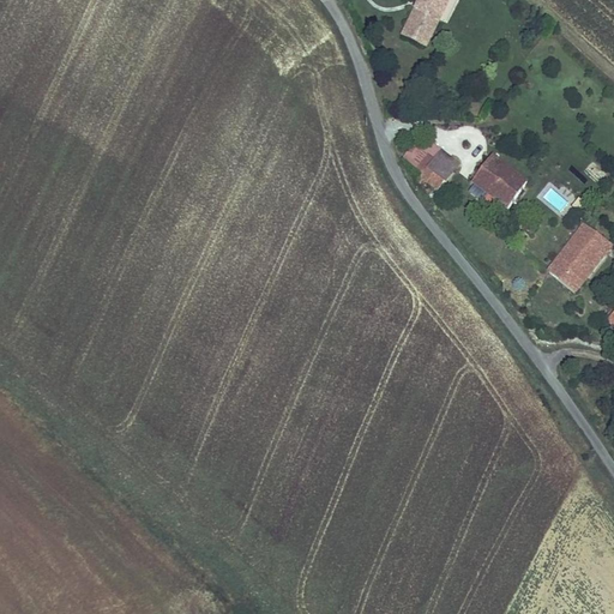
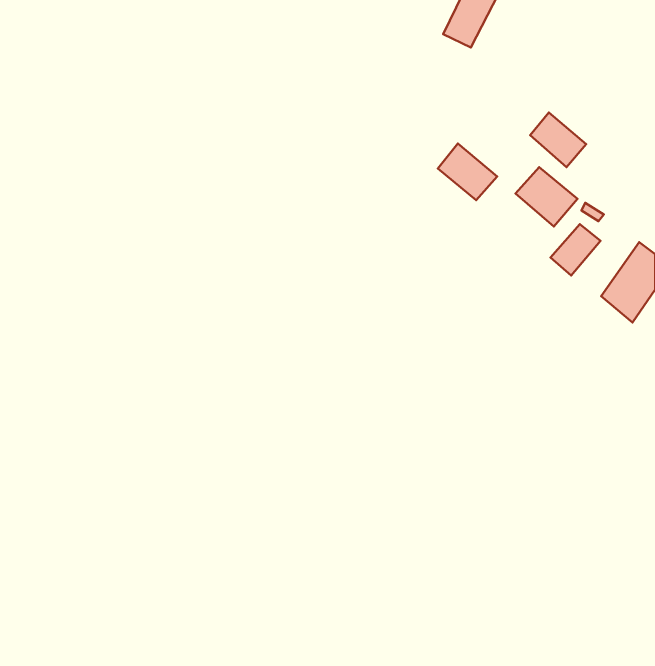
building: none -> [530,112,586,167]
building: none -> [550,224,601,275]

